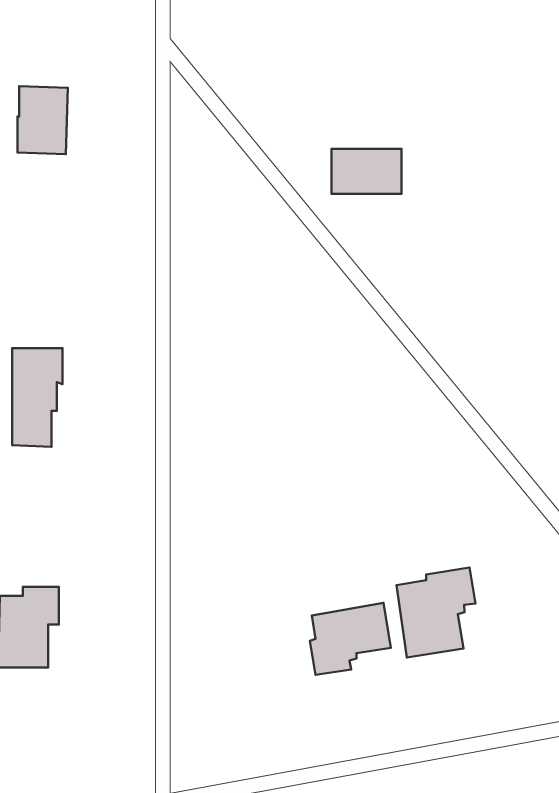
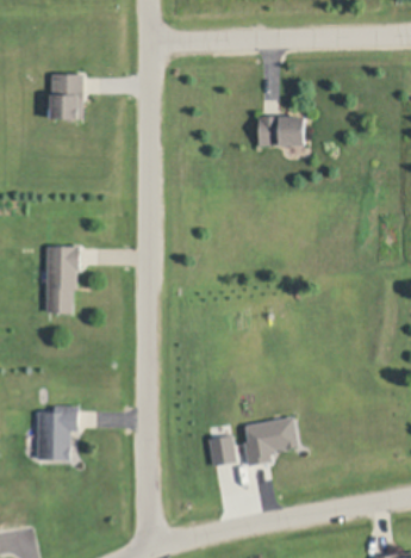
building: [397,568,476,657] -> none
building: none -> [210,438,236,466]

